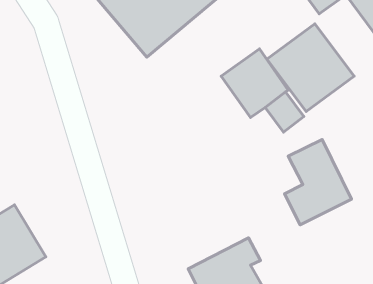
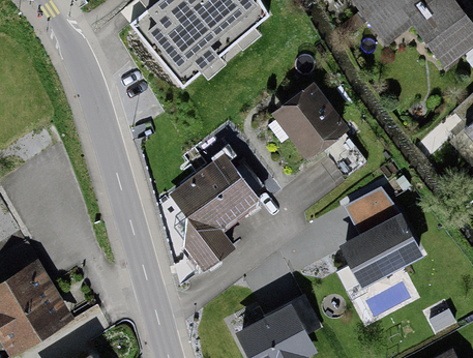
building: [267,24,354,112] -> none
building: none -> [170,151,262,274]

